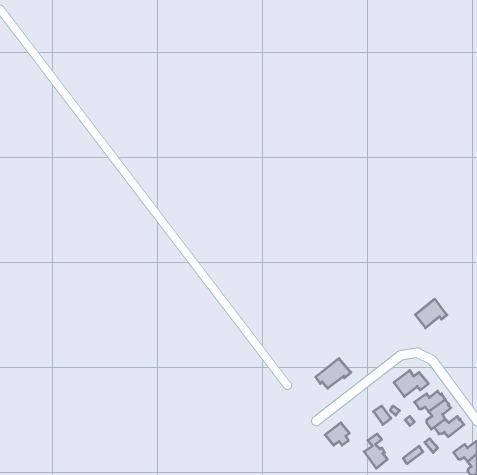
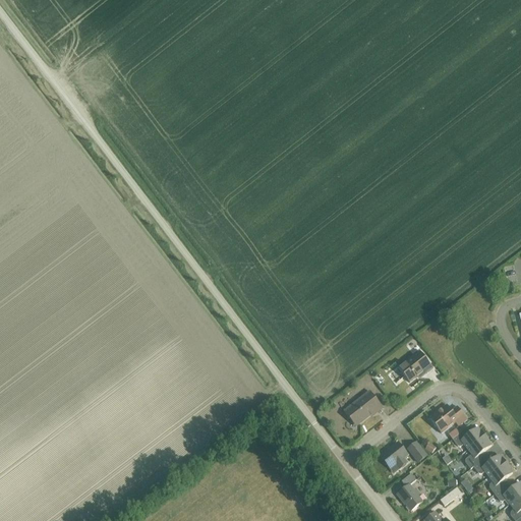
building: [415,299,447,328] -> [398,350,432,382]
building: [325,423,349,445] -> [381,443,407,467]
building: none -> [488,463,512,494]

